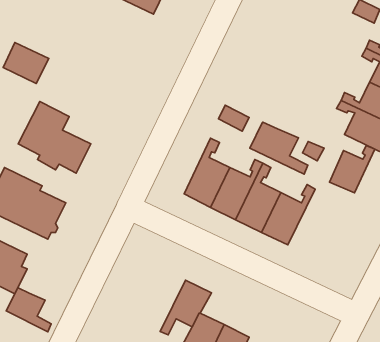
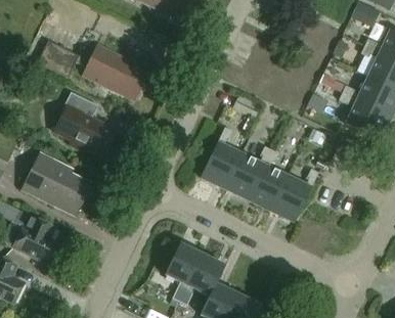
building: none -> [77,43,144,98]
building: [250,122,308,174] -> none
building: [329,145,375,193] -> none
building: none -> [164,242,202,300]
building: [6,288,51,332] -> none

